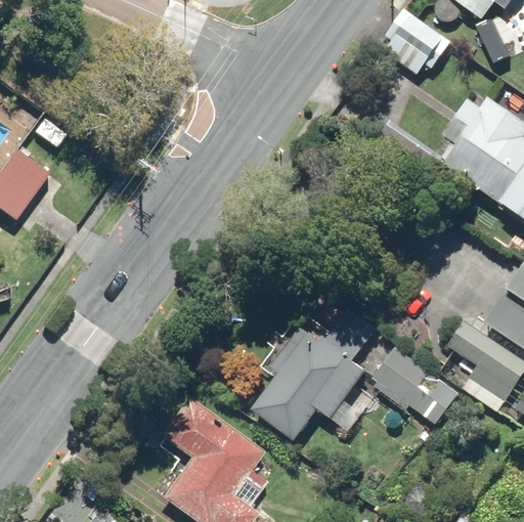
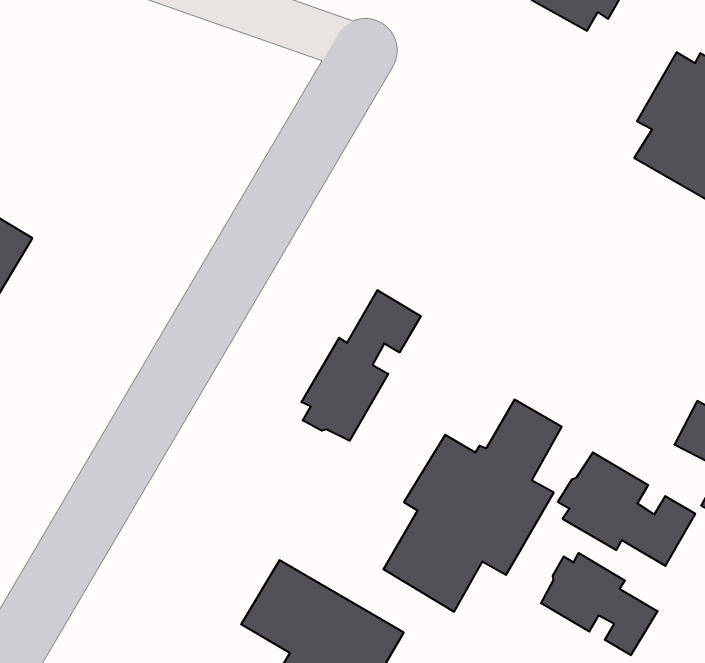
building: none -> [301,290,421,441]
building: none -> [541,553,658,655]

